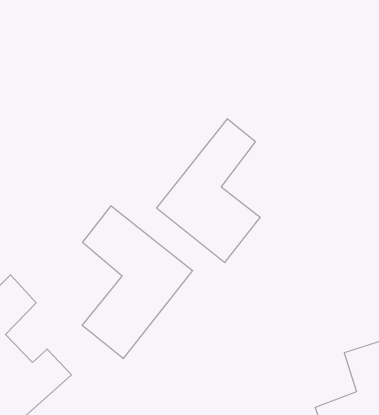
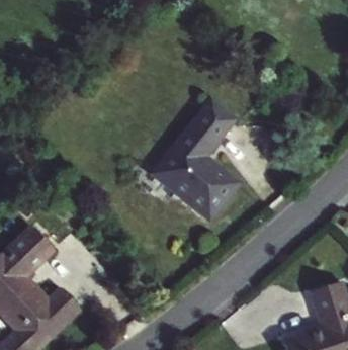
building: [82,206,193,359] -> none

